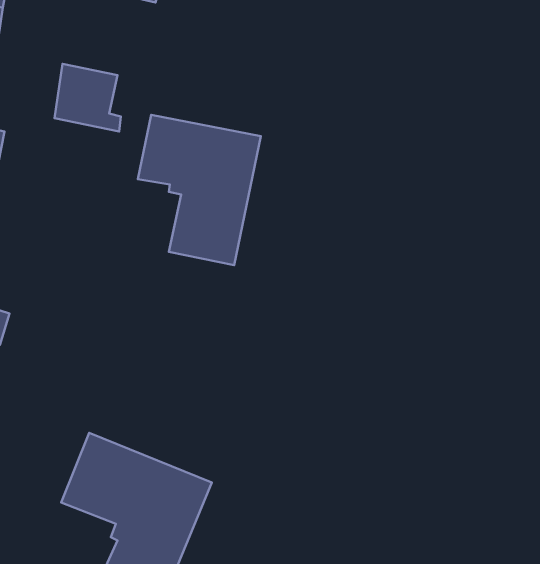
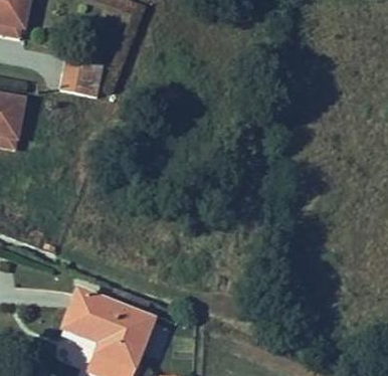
building: [138,115,261,265] -> none

